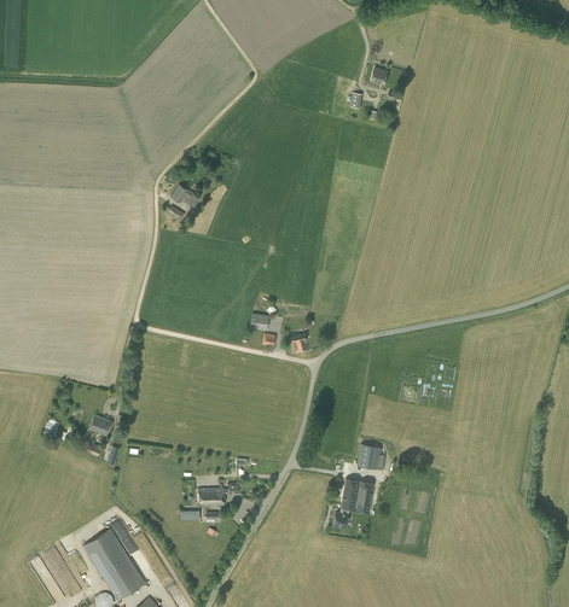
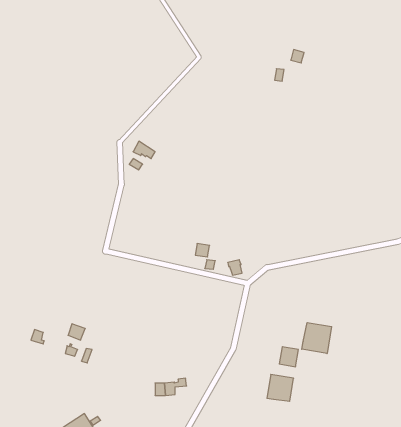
building: none -> [302,323,332,354]

